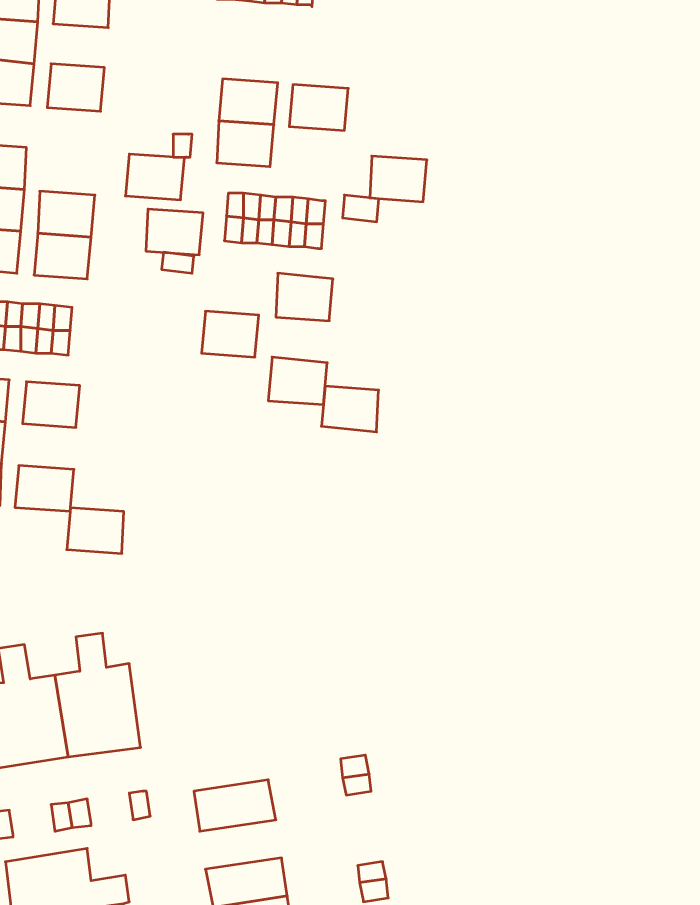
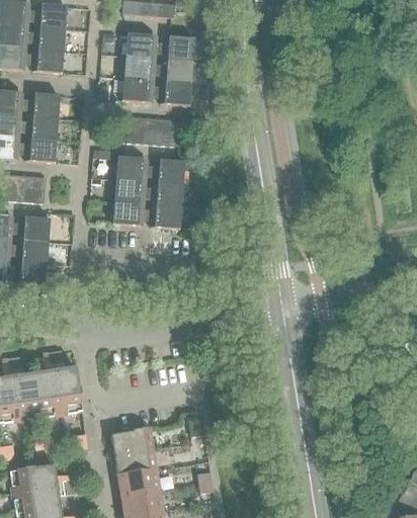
building: none -> [35,25,66,49]
building: none -> [127,32,157,57]
building: none -> [164,35,194,60]
building: [125,154,184,200] -> [29,92,61,116]
building: [370,156,427,202] -> [161,80,191,104]
building: [146,209,203,255] -> [117,156,148,180]
building: none -> [113,200,144,225]
building: [321,386,379,432] -> [153,181,183,205]
building: [67,508,124,553] -> [18,238,49,262]
building: none -> [114,448,158,474]

